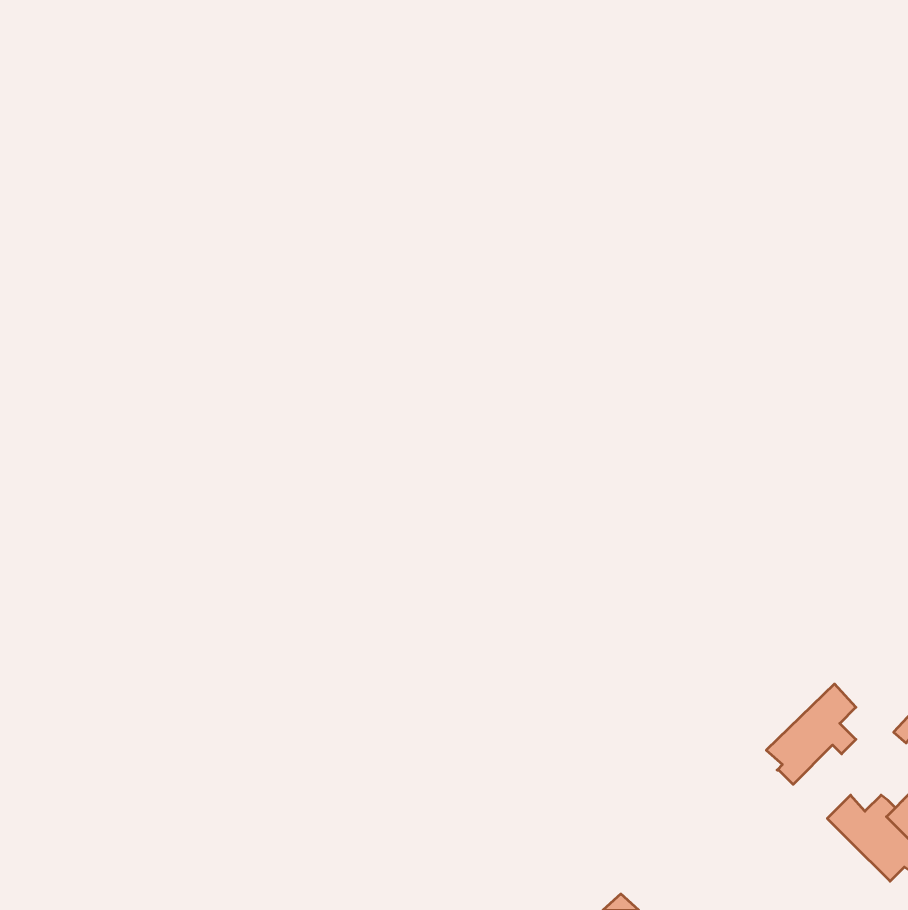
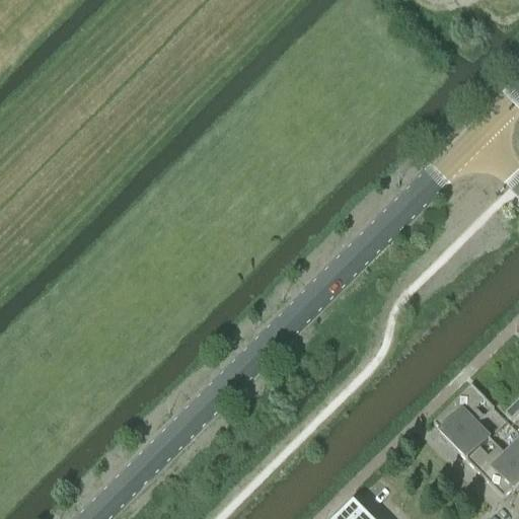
building: none -> [453,421,495,462]

